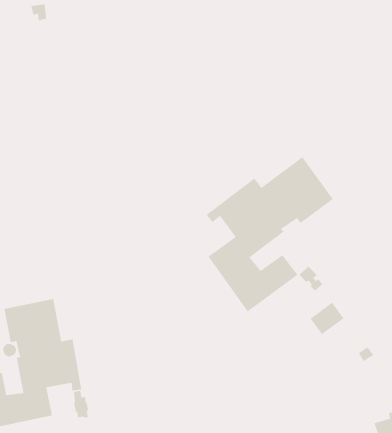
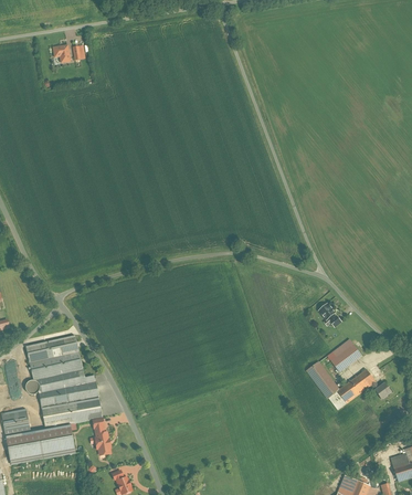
building: [206,156,334,312] -> none
building: none -> [307,360,376,409]

